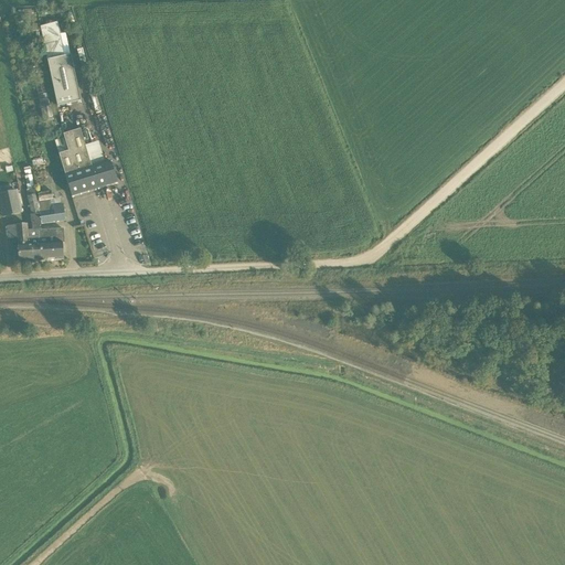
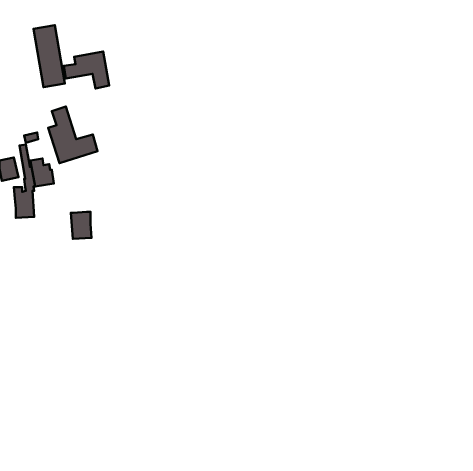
building: none -> [64,52,109,88]
building: [39,226,63,258] -> [71,212,91,239]

